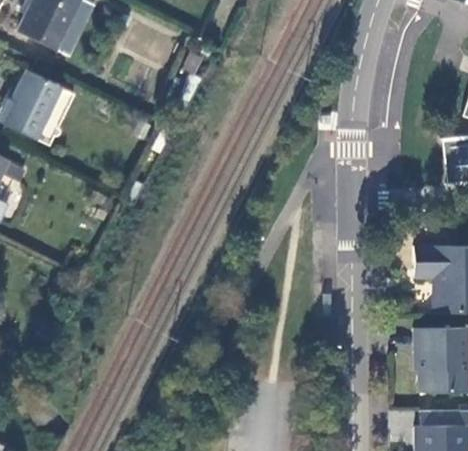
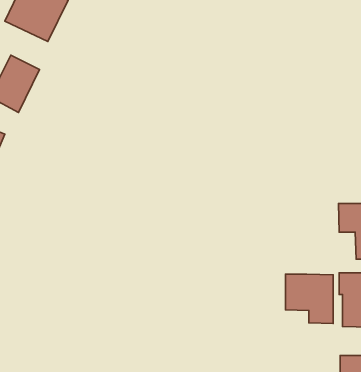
building: none -> [286,274,333,324]

